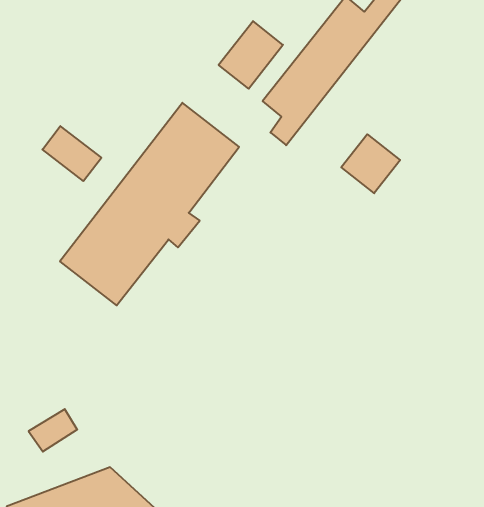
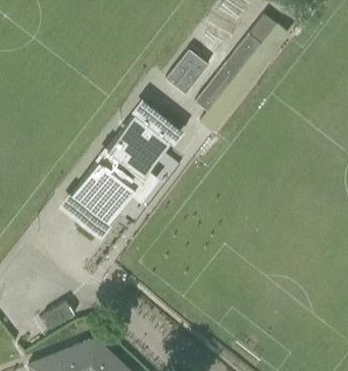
building: [42,126,101,181] -> none
building: [341,134,400,193] -> none

